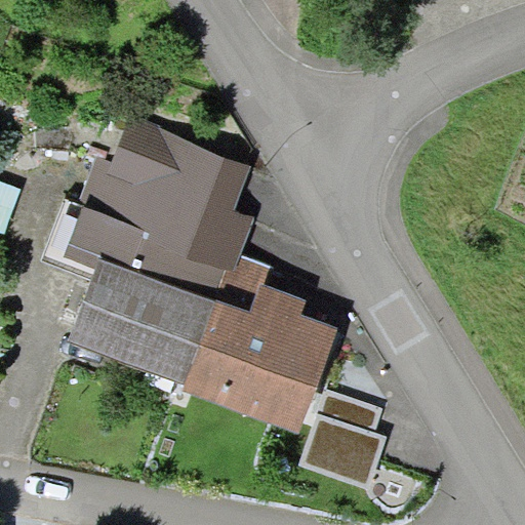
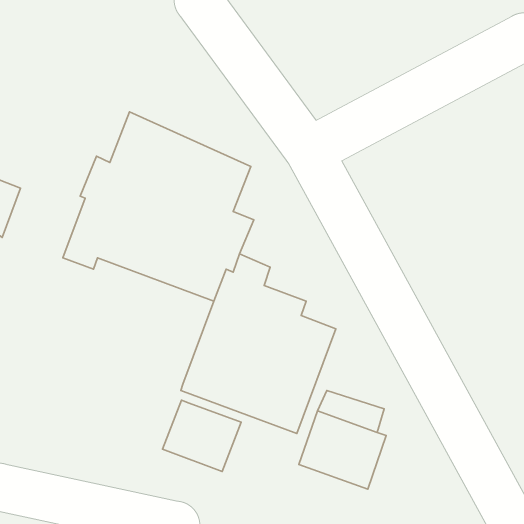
building: [67,258,213,385] -> none
building: none -> [163,400,241,471]

